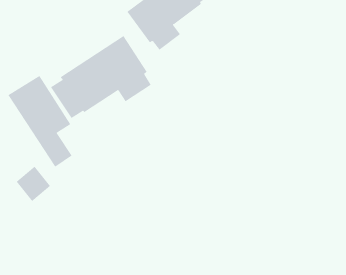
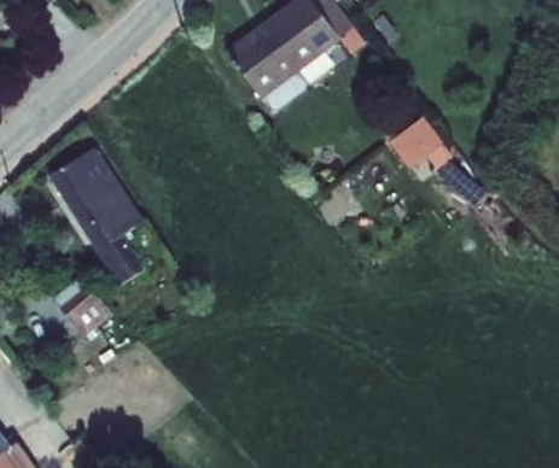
building: [50,35,152,119] -> none
building: none -> [388,115,461,181]

